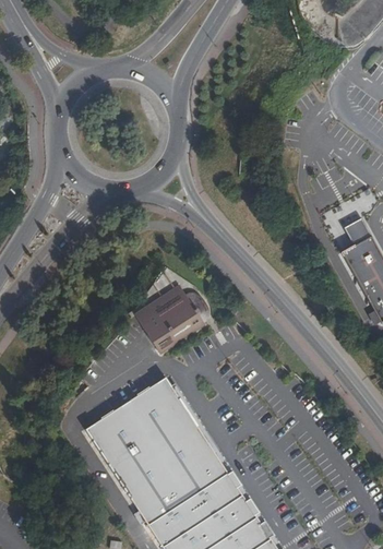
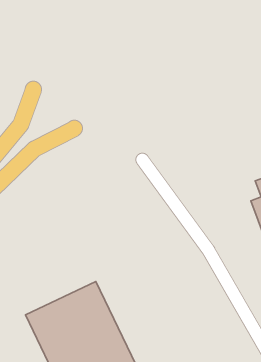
building: [135,286,207,354] -> none

